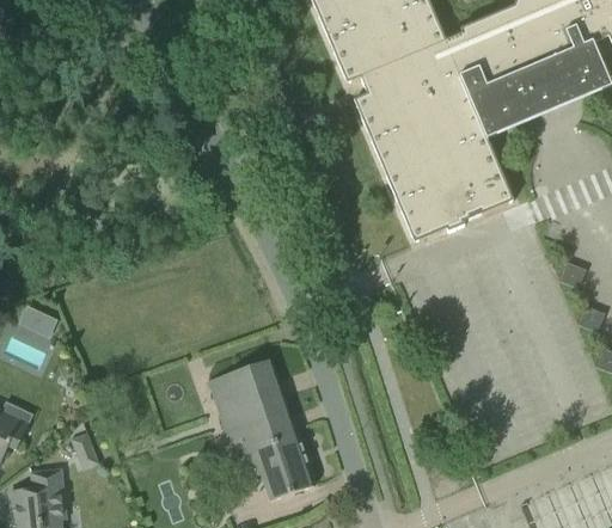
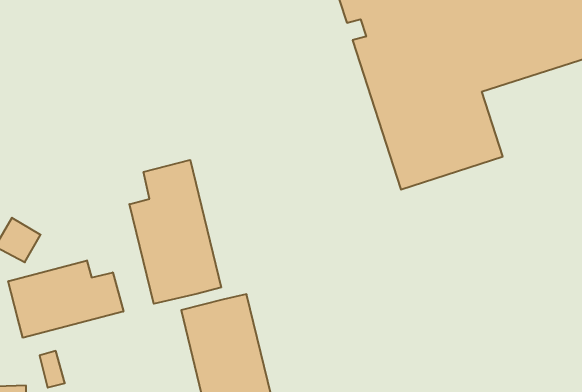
building: none -> [129,160,221,304]
building: none -> [8,260,123,338]

